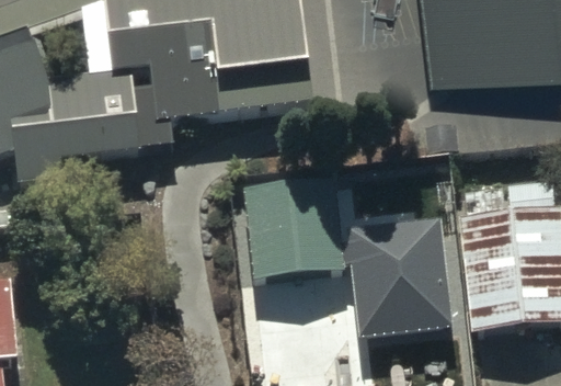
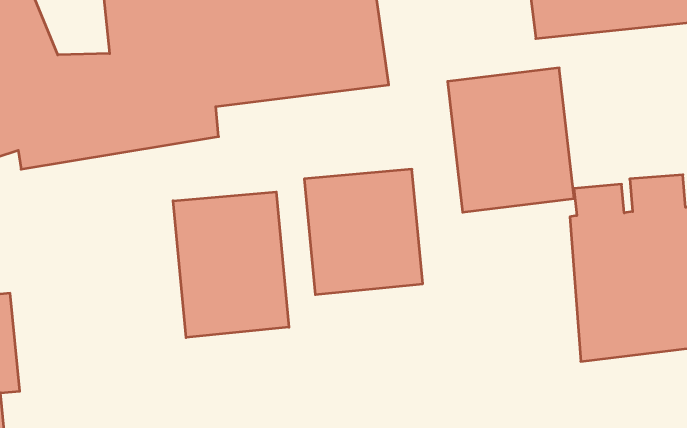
building: none -> [173,192,289,338]
building: [346,211,448,327] -> [448,68,574,212]

